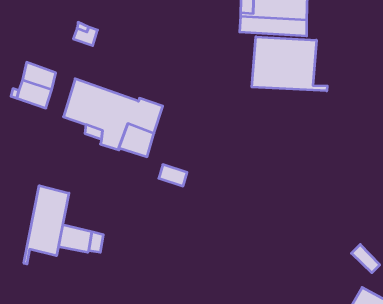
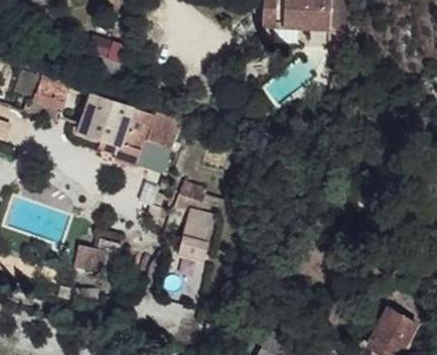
building: [252,37,327,91] -> none
building: [24,186,69,264] -> none
building: none -> [178,209,213,259]

